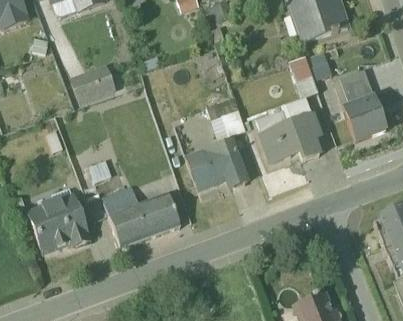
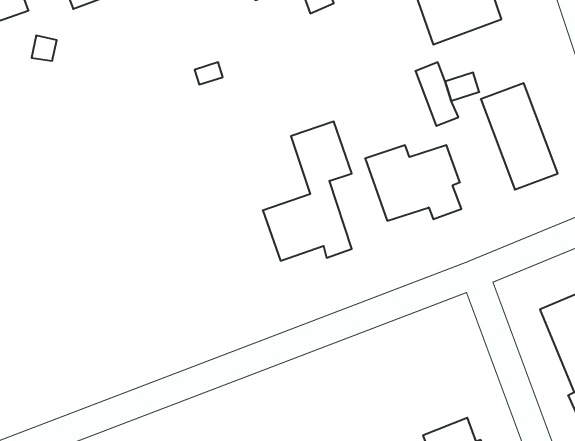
building: [68,62,116,104] -> none
building: [101,184,181,246] -> none
building: [26,191,90,251] -> none

